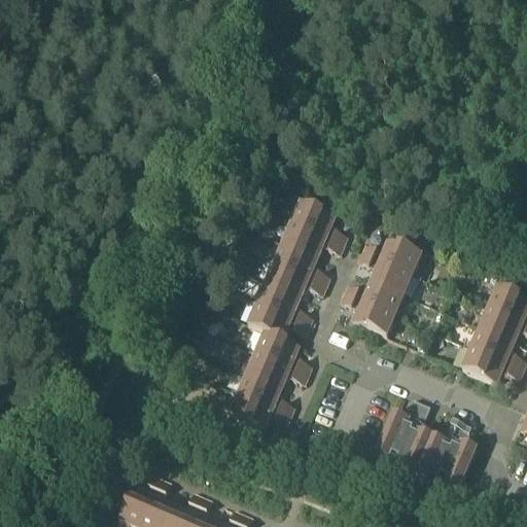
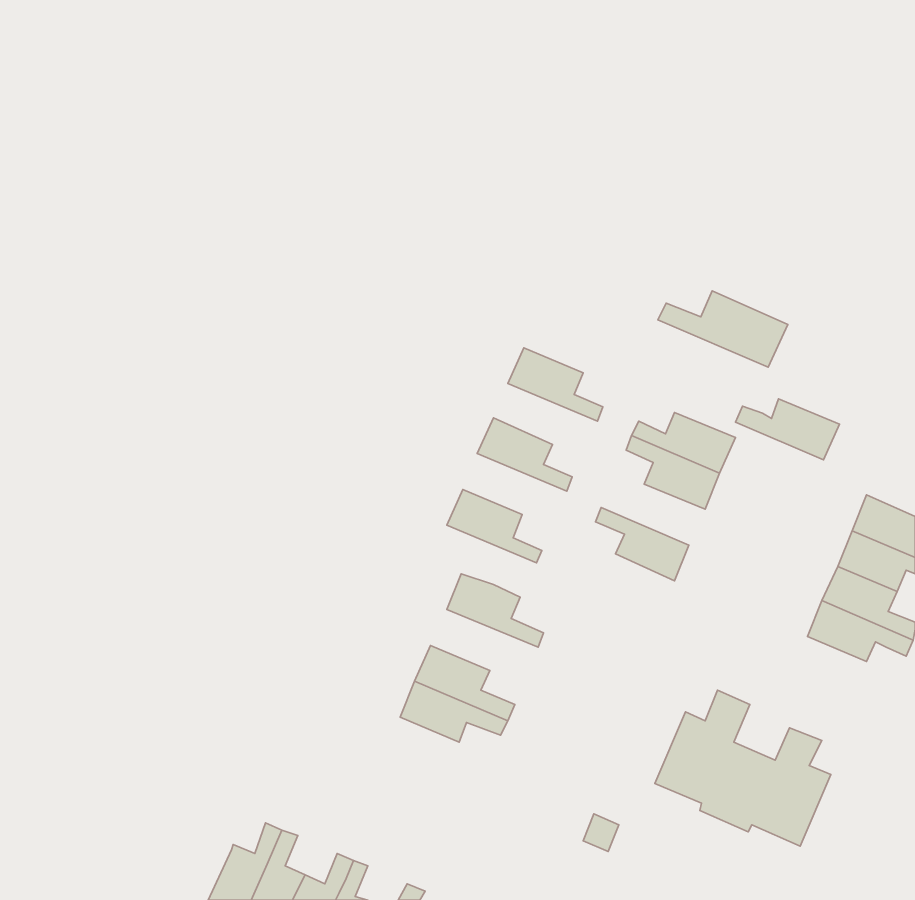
building: none -> [658,291,788,367]
building: [283,220,343,255] -> none
building: [266,260,325,295] -> none
building: [345,278,405,313] -> [735,399,840,460]
building: [248,302,308,336] -> none
building: [247,350,309,385] -> none

